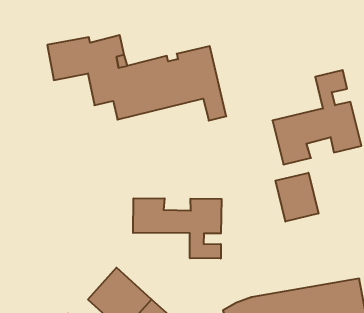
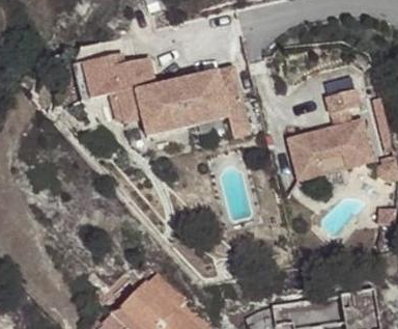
building: [275,173,318,222] -> none
building: [133,198,222,259] -> none

